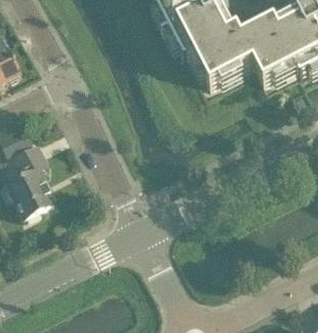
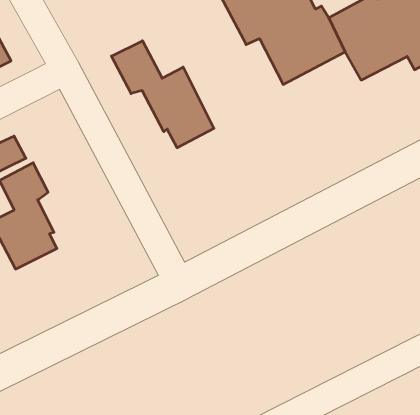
building: none -> [111,41,214,148]

